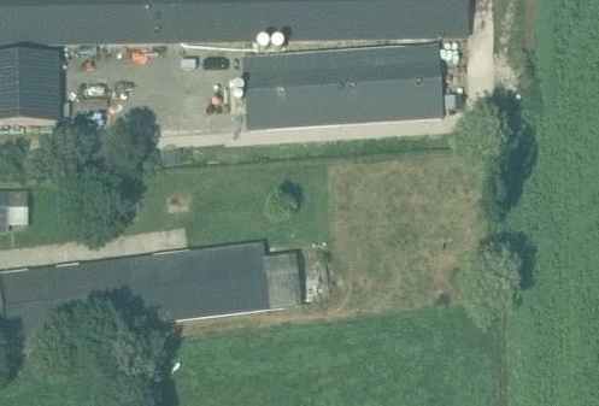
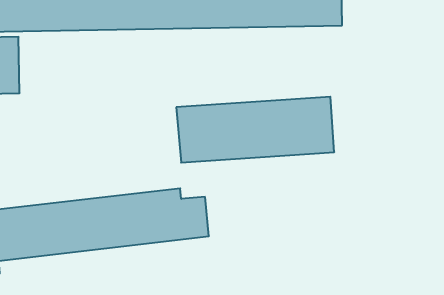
building: [241,45,441,128] -> [176,97,334,163]

